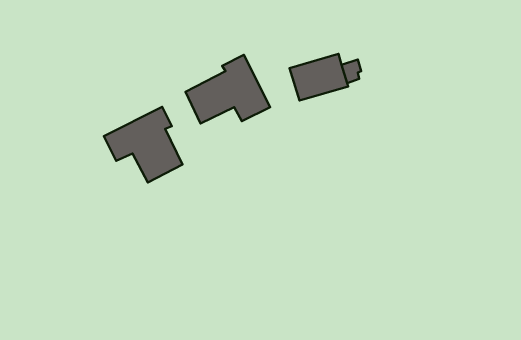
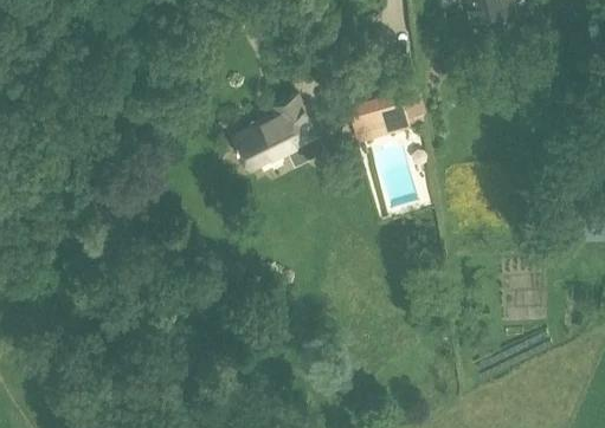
building: [104,107,183,182] -> none

